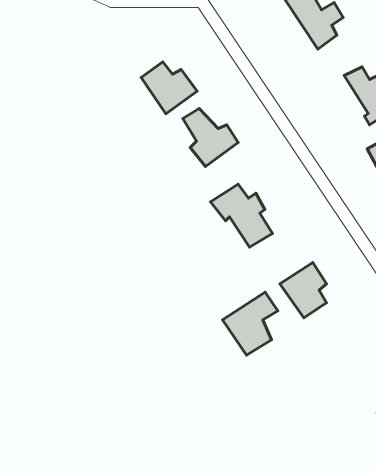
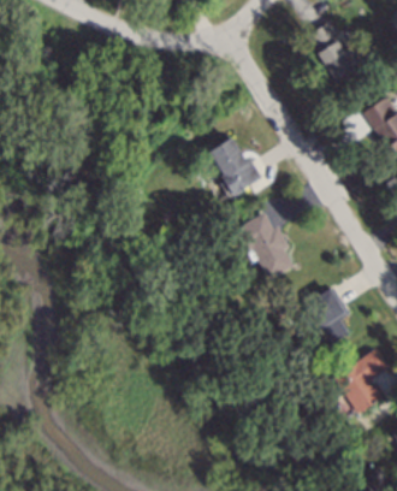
building: [141,62,197,114] -> none
building: [222,292,278,355] -> [333,351,386,412]

